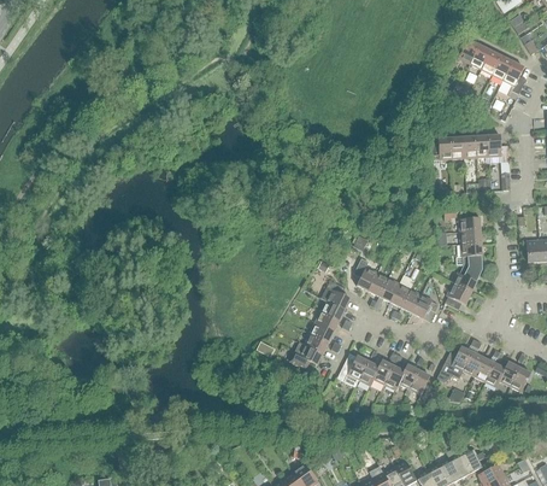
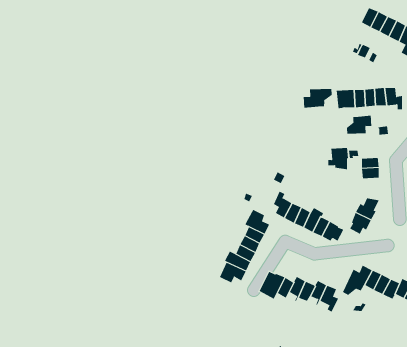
building: none -> [303,88,332,108]
building: none -> [346,115,372,134]
building: [457,242,482,269] -> [328,147,349,170]

